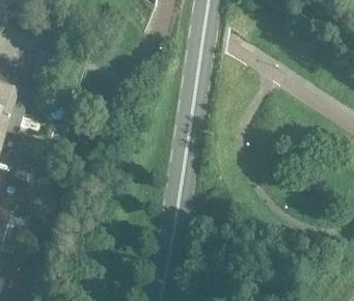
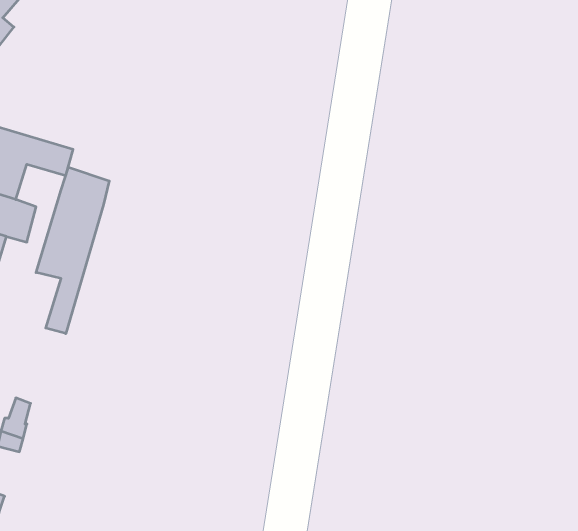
building: none -> [36,167,109,334]

